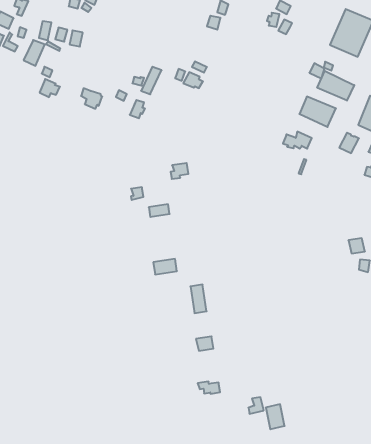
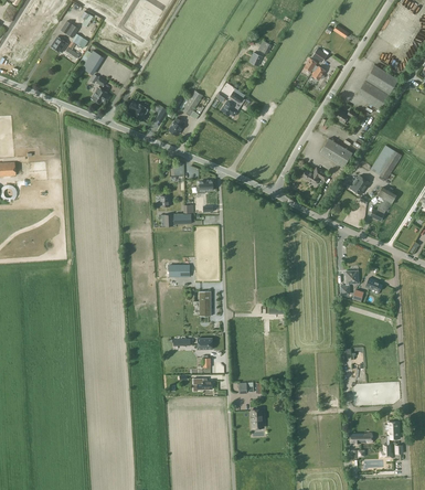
building: [317,71,354,101] -> none

